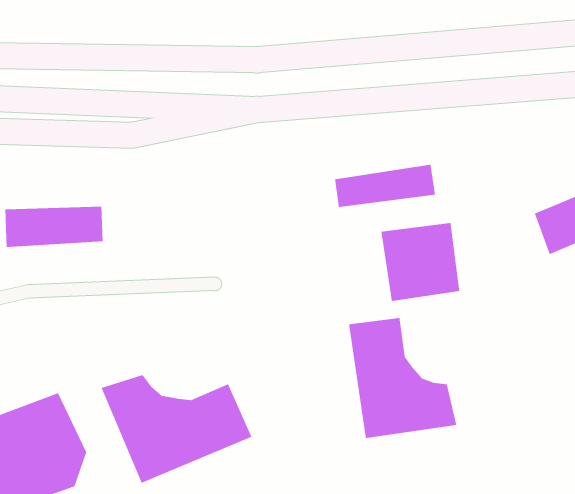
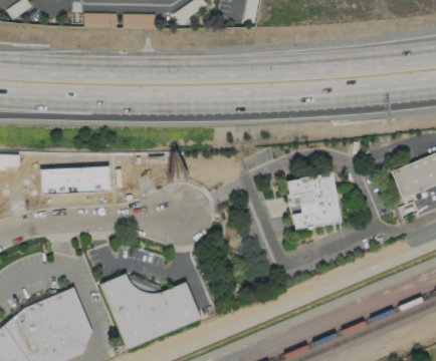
building: [334,164,436,208] -> none
building: [348,317,457,439] -> none

